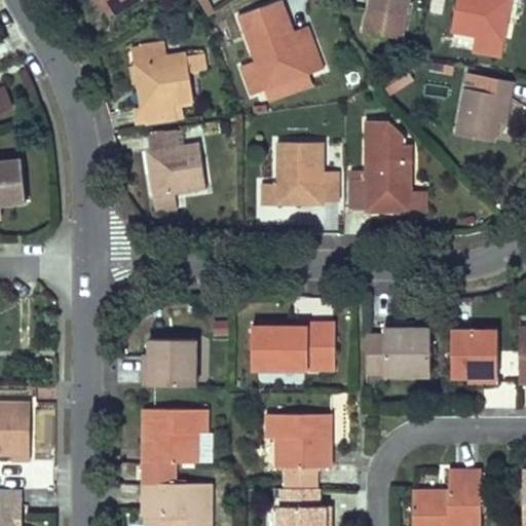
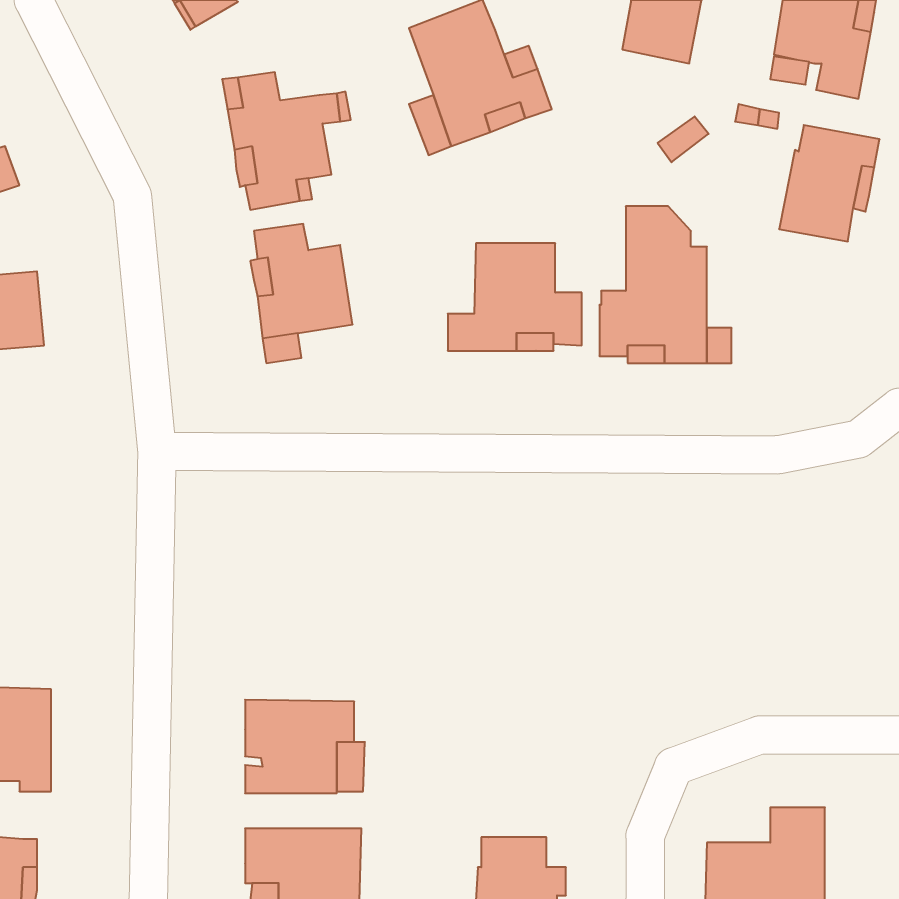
building: [252,324,335,370] -> none
building: [366,324,430,376] -> none
building: [451,331,497,382] -> none
building: [143,339,195,386] -> none
building: [267,414,330,489] -> none

